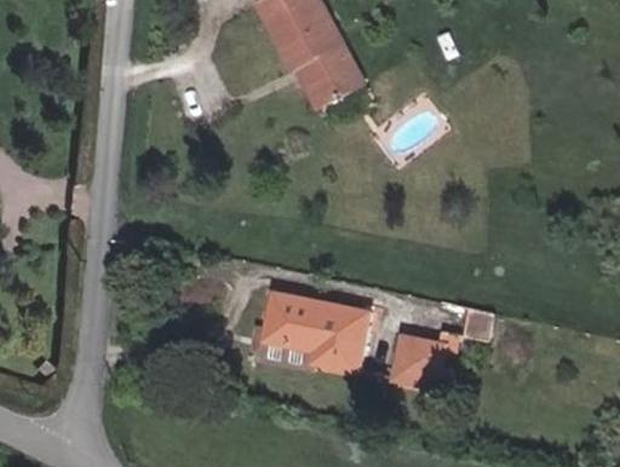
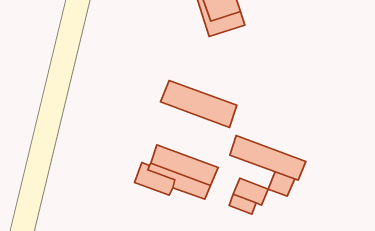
building: none -> [160,80,237,128]
building: none -> [230,135,306,180]

